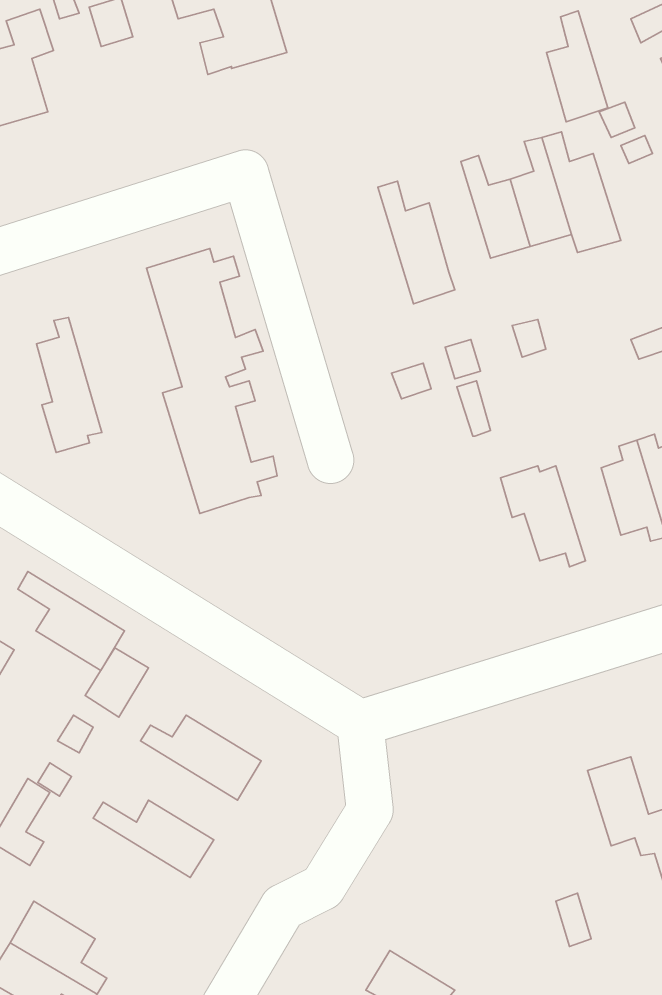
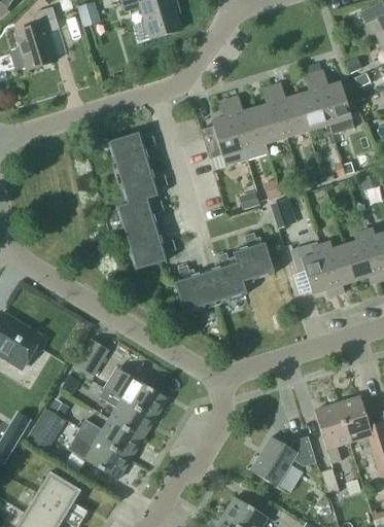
building: [547,11,608,122] -> [255,85,287,143]
building: none -> [201,99,247,166]
building: [36,317,102,452] -> none
building: none -> [175,232,275,312]
building: none -> [321,241,355,293]
building: [18,571,125,670] -> [100,387,155,438]
building: none -> [315,402,350,463]
building: none -> [68,427,131,479]
building: none -> [251,435,316,486]

